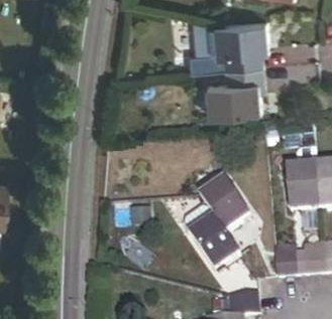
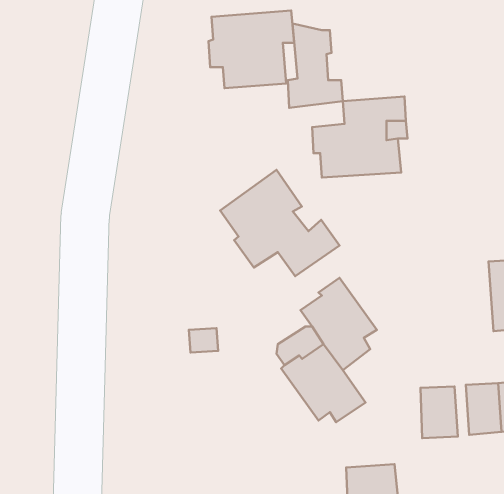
building: [216,19,269,67] -> [208,10,294,88]
building: none -> [220,170,340,276]
building: [287,148,320,211] -> none

